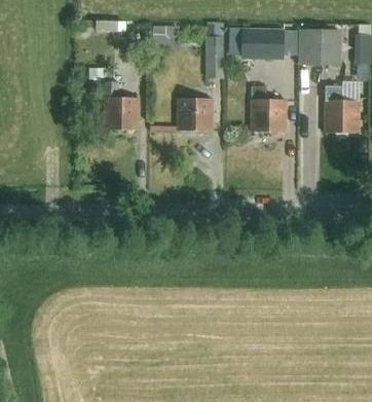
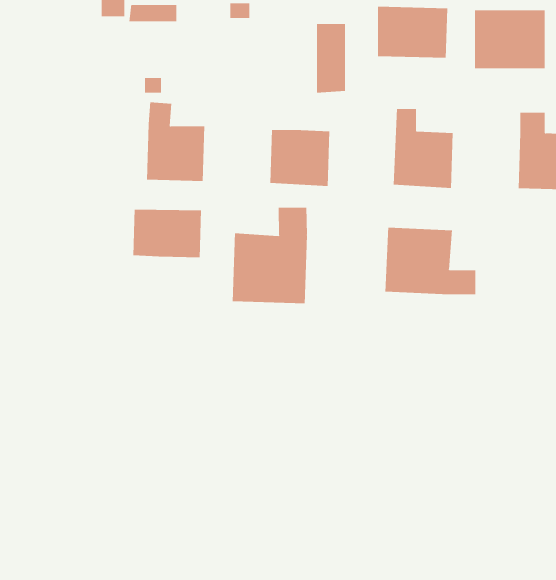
building: none -> [232,207,307,304]
building: none -> [133,209,202,258]
building: none -> [385,227,476,295]

